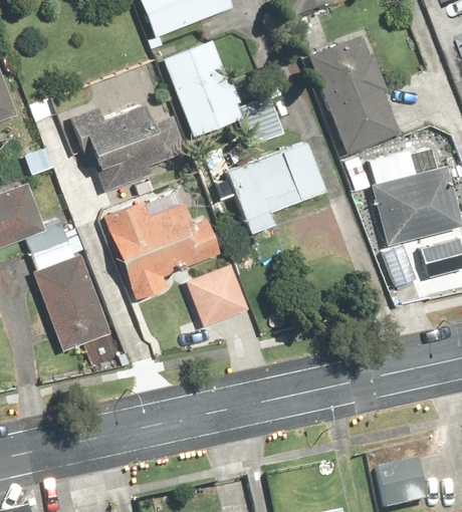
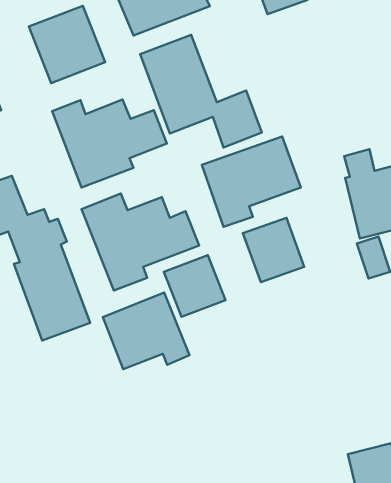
building: none -> [29,6,105,83]
building: [308,34,400,154] -> none
building: none -> [243,218,304,282]
building: none -> [103,293,189,369]

